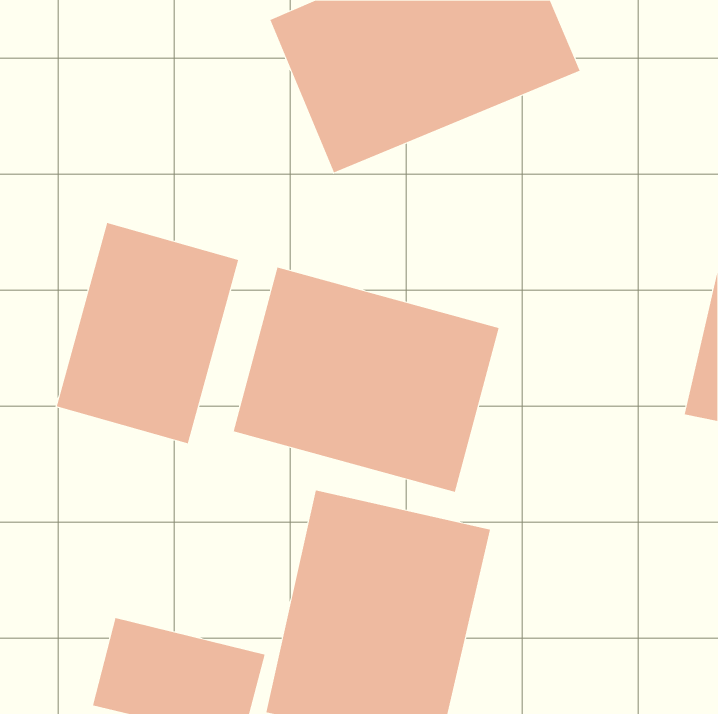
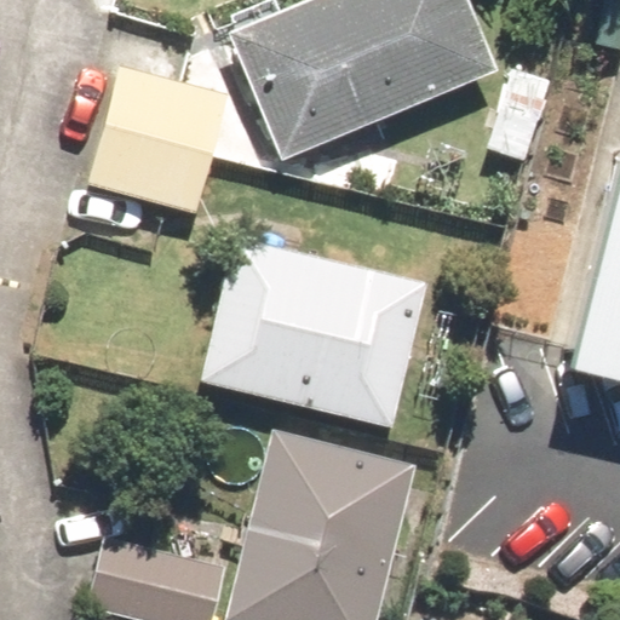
building: none -> [91,69,224,212]
building: [56,222,239,444] -> none

